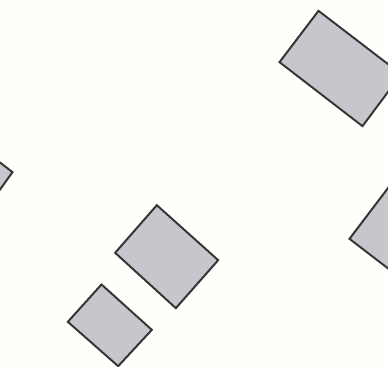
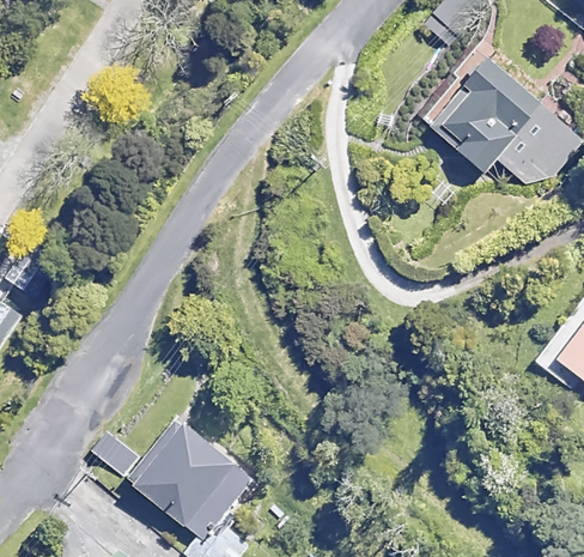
building: [115,205,218,308] -> none

